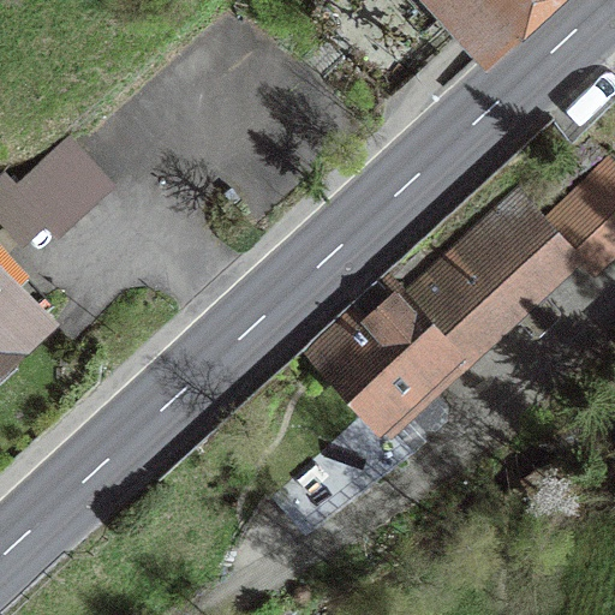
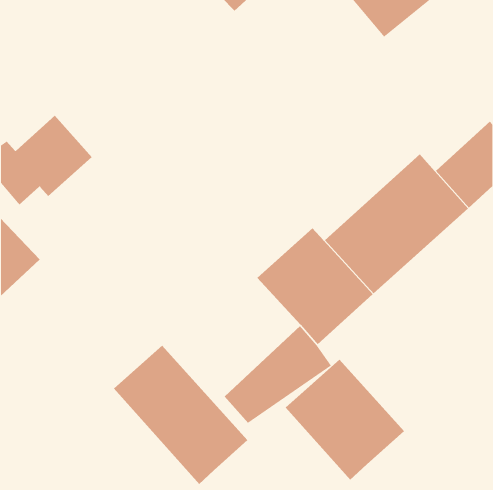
building: none -> [113,345,248,485]
building: none -> [285,359,405,480]

